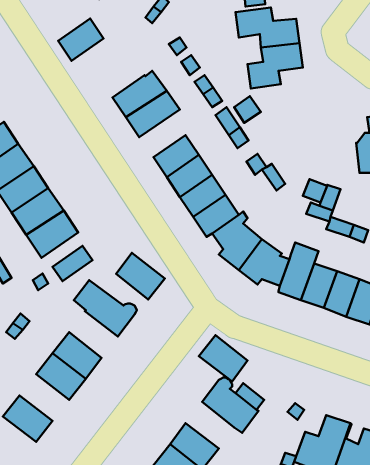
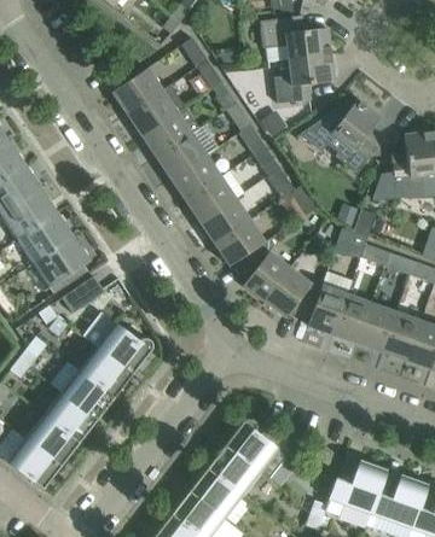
building: [58,19,103,61] -> [112,68,162,113]
building: none -> [296,99,382,173]
building: none -> [156,127,207,179]
building: [116,253,165,299] -> [80,346,133,397]
building: [199,335,248,382] -> [207,445,260,496]
building: none -> [25,415,80,466]

